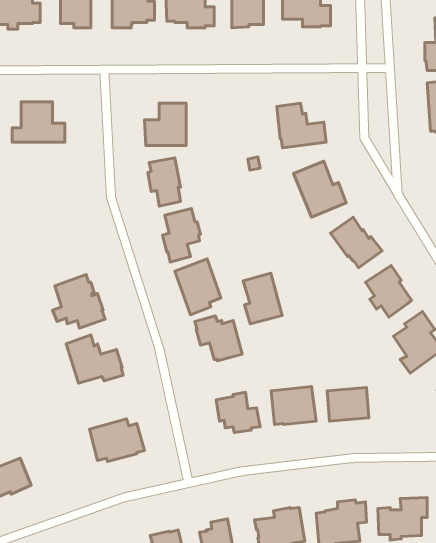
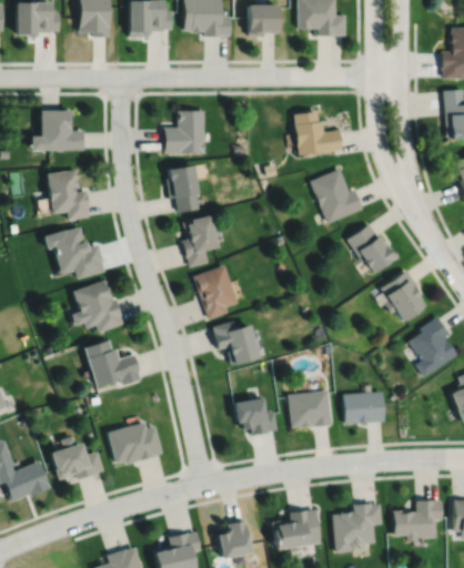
building: none -> [47,169,89,219]
building: none -> [43,226,104,278]
building: [243,273,282,324] -> none
building: none -> [50,436,103,480]

